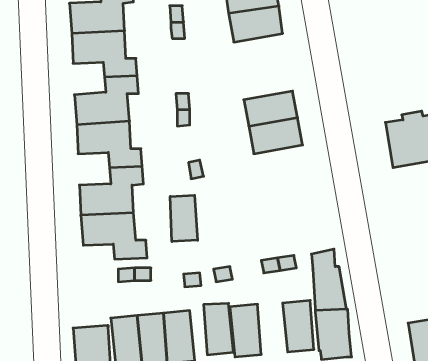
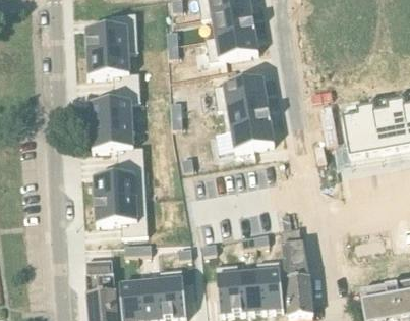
building: none -> [222,73,266,104]
building: [170,195,198,242] -> none
building: none -> [85,257,115,289]
building: [204,303,234,355] -> [237,269,261,311]

